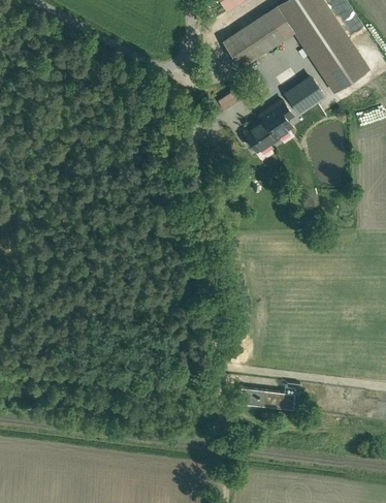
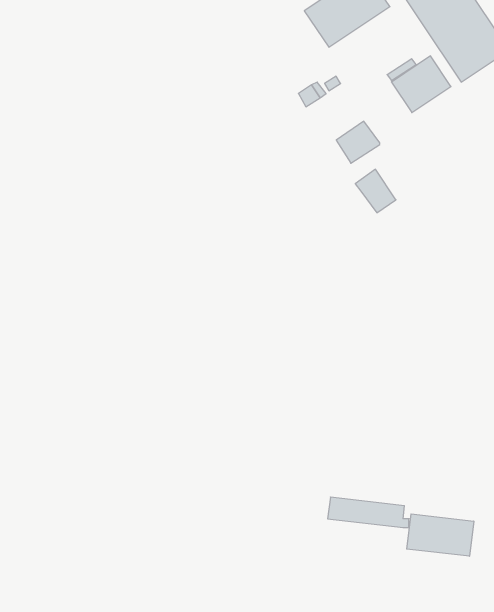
building: [261,105,290,136] -> [355,169,396,213]
building: none -> [407,514,474,556]

